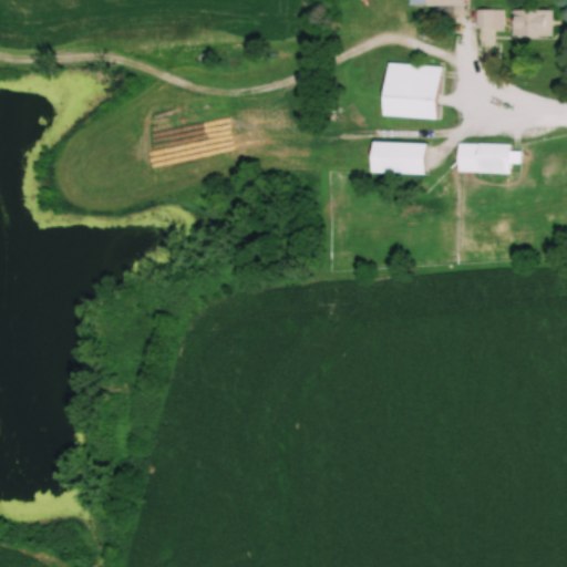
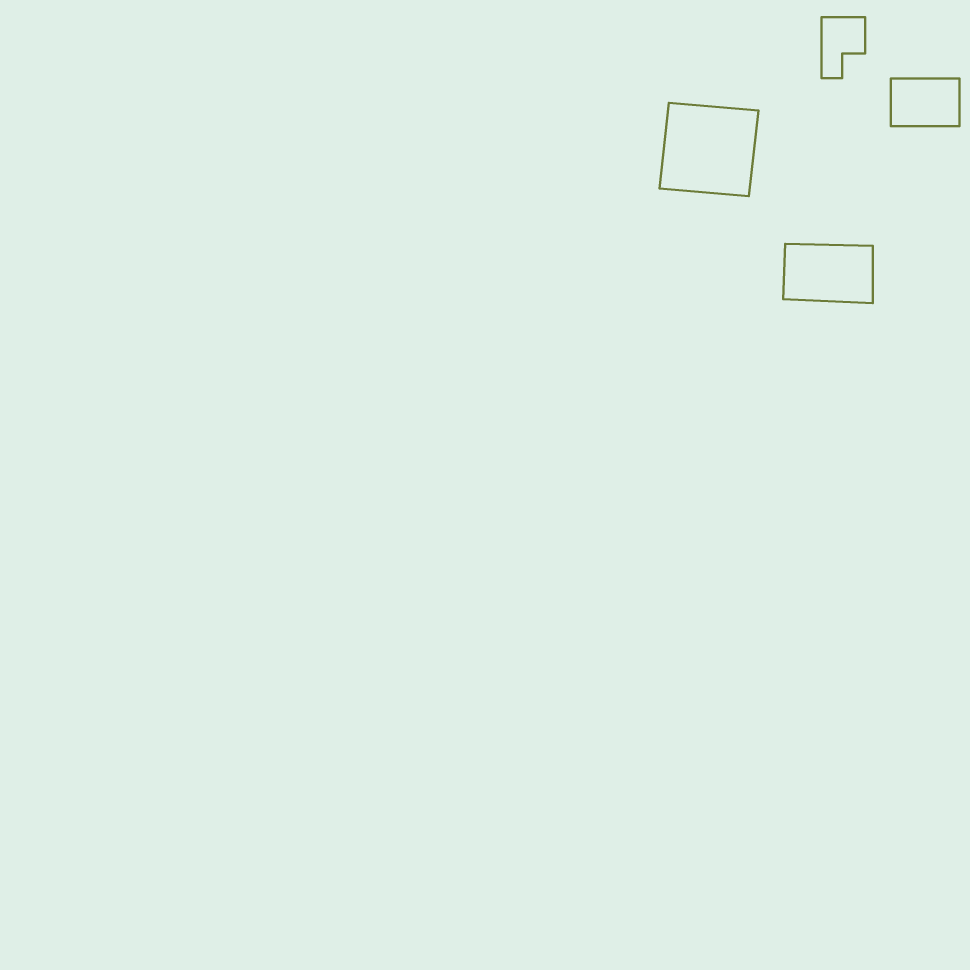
building: [514,12,554,40] -> [891,78,960,126]
building: [371,138,423,171] -> none

